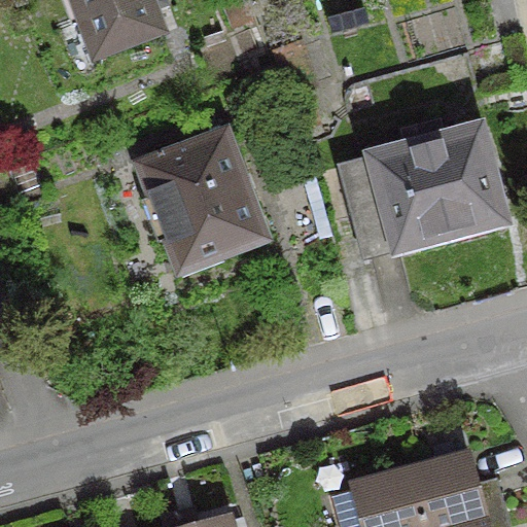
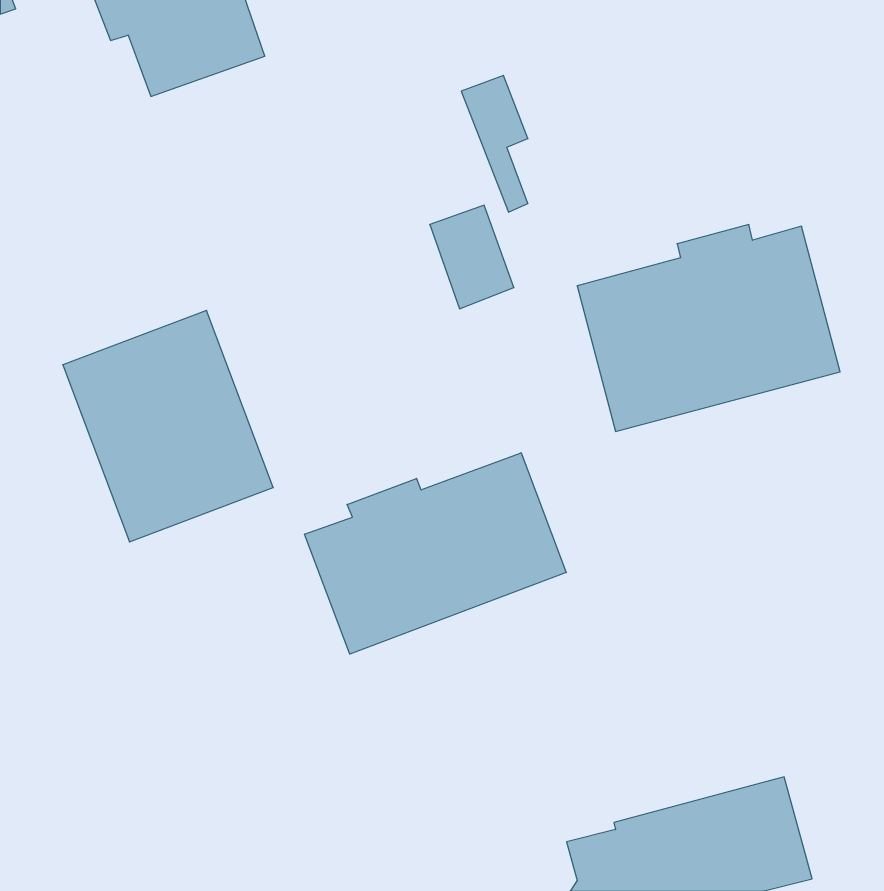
building: [142,133,266,269] -> [63,310,273,542]
building: none -> [305,453,566,654]

